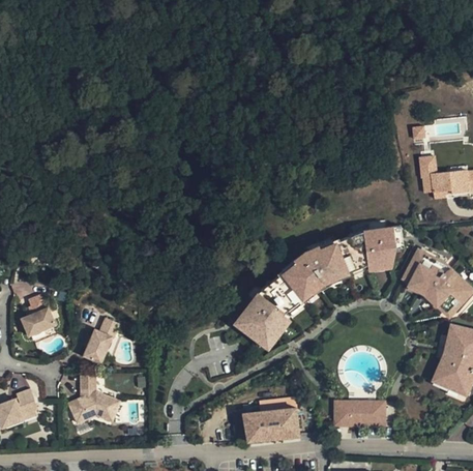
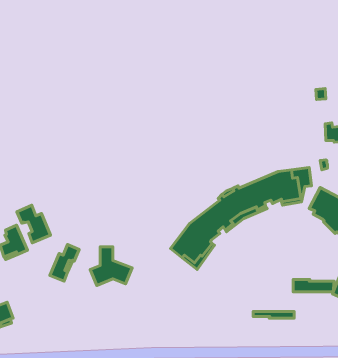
building: none -> [17,205,50,243]
building: [67,377,119,424] -> [90,247,132,285]
building: [334,408,385,423] -> [293,279,334,292]
building: [245,409,300,443] -> none

